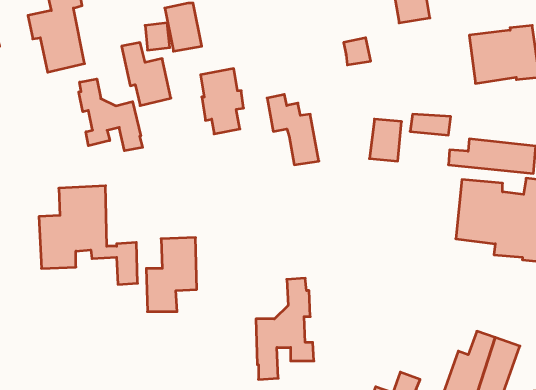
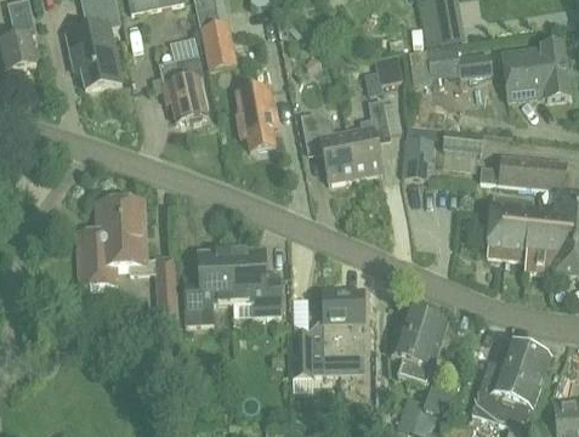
building: none -> [426,45,489,78]
building: [79,79,143,151] -> none
building: none -> [344,98,390,176]
building: none -> [231,250,280,317]
building: none -> [337,290,365,373]
building: none -> [391,311,447,385]

